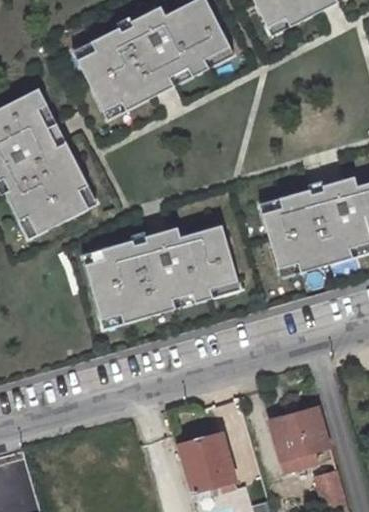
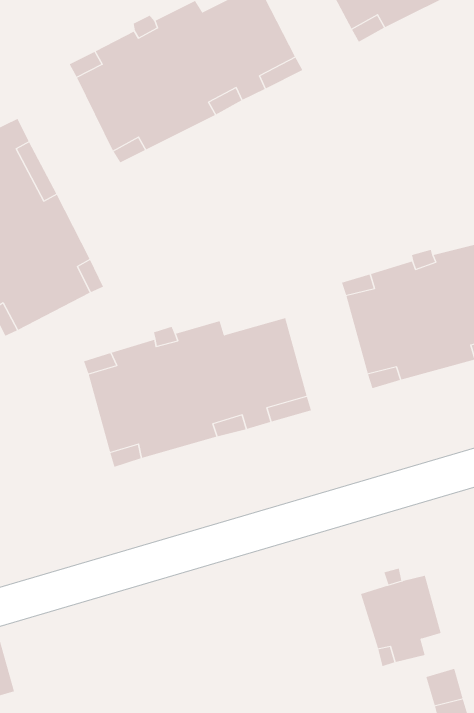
building: [176,429,234,488] -> none

